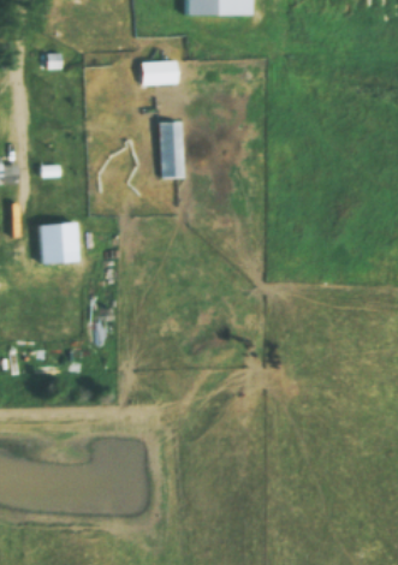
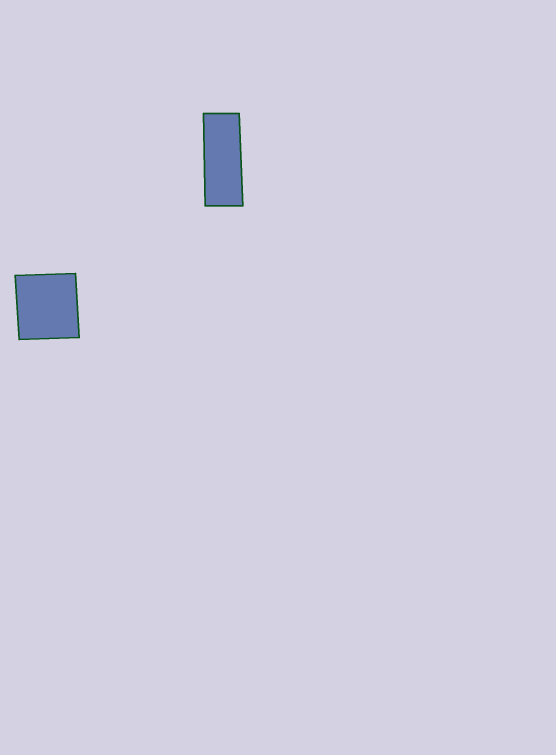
building: [142,60,178,83] -> none

